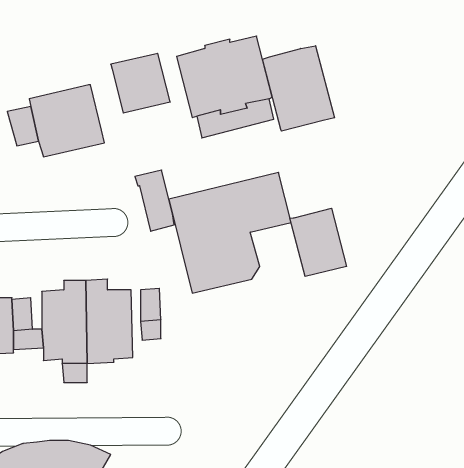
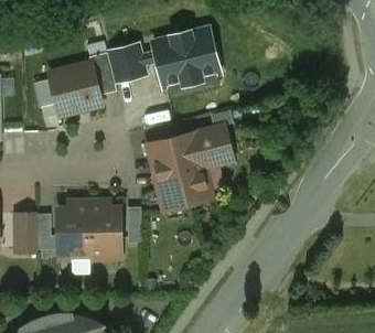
building: [262,46,335,131] -> none
building: [135,170,174,231] -> [88,52,116,95]
building: [290,208,347,276] -> none

